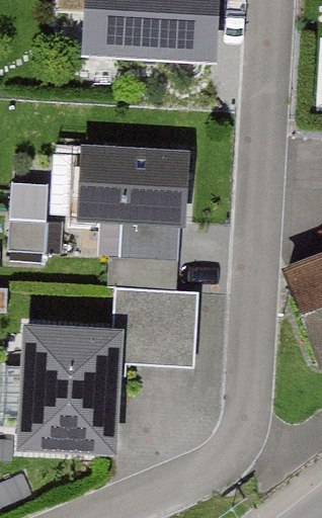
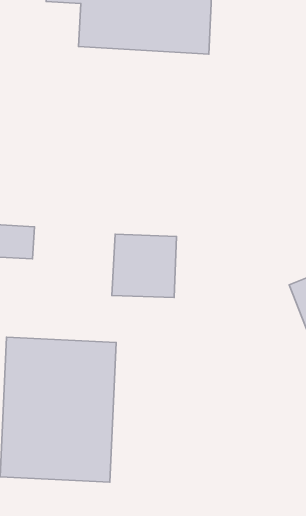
building: [53,146,186,218] -> none
building: [125,288,196,362] -> none

